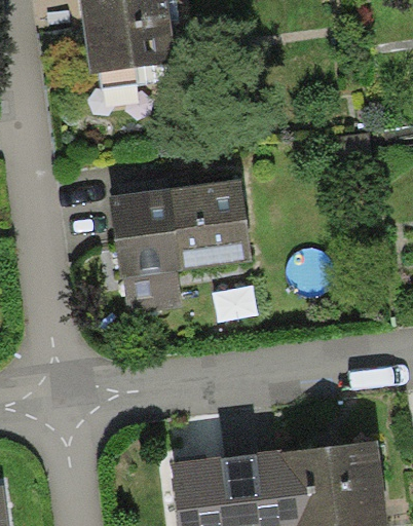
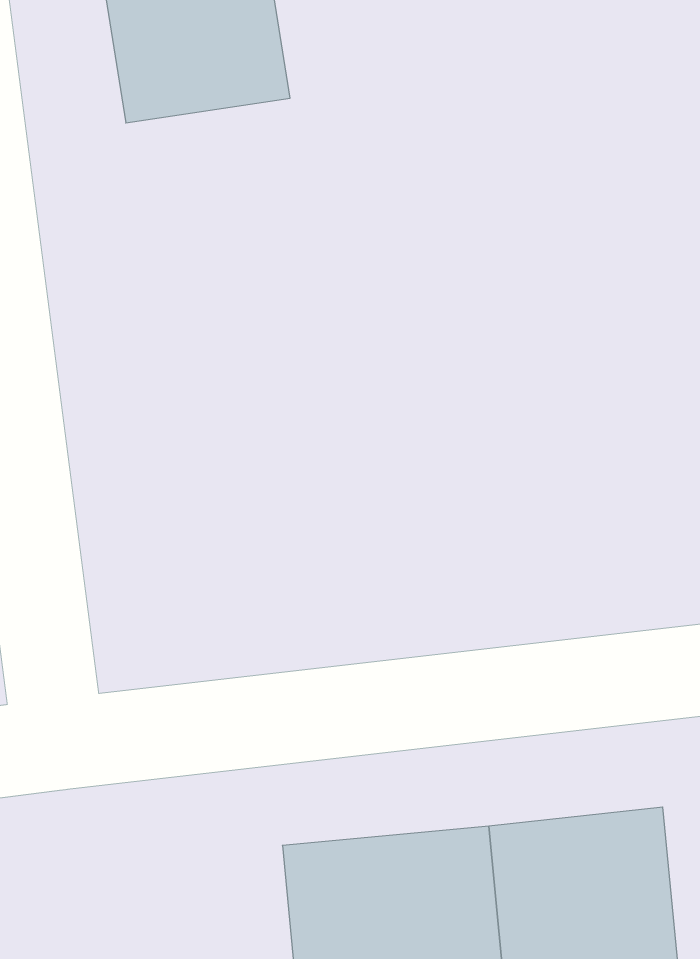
building: [108,178,250,308] -> none

